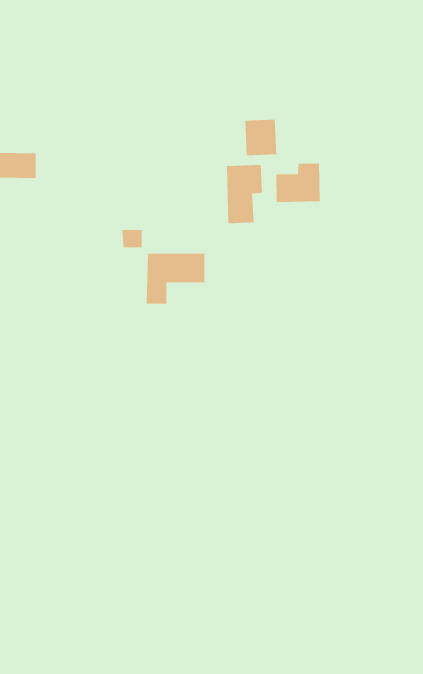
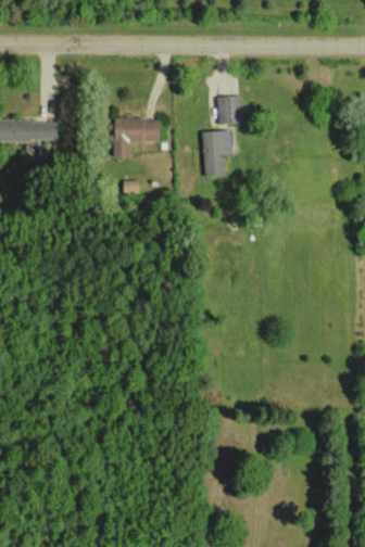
building: [276,163,320,203] -> none
building: [146,253,205,304] -> [114,118,160,157]

